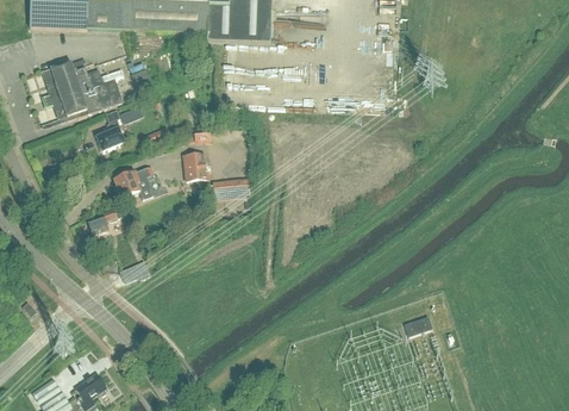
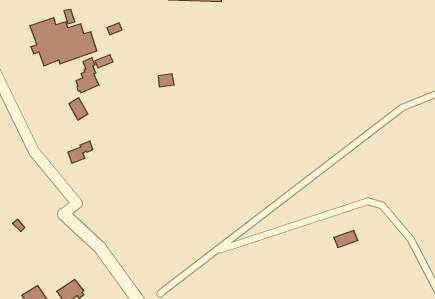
building: [182,151,210,180] -> none
building: [114,166,154,199] -> none

